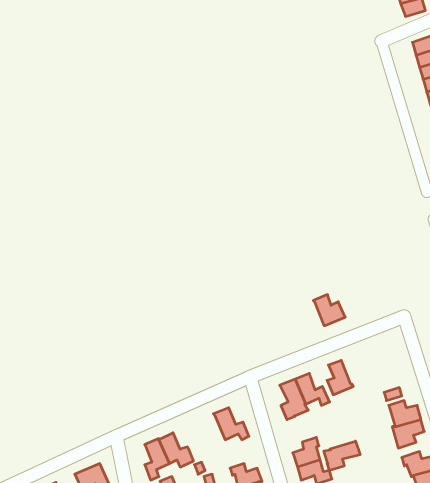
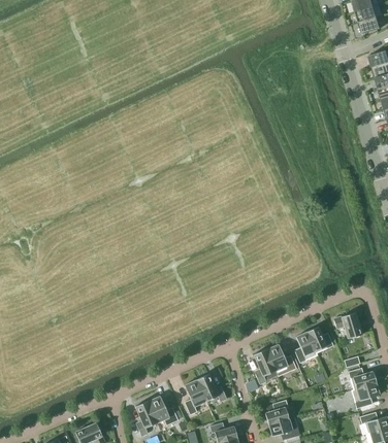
building: [313,295,345,325] -> [305,326,333,352]
building: none -> [333,311,361,338]
building: none -> [184,379,205,414]
building: [324,441,360,471] -> none

